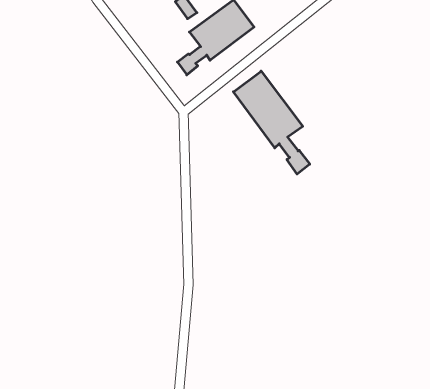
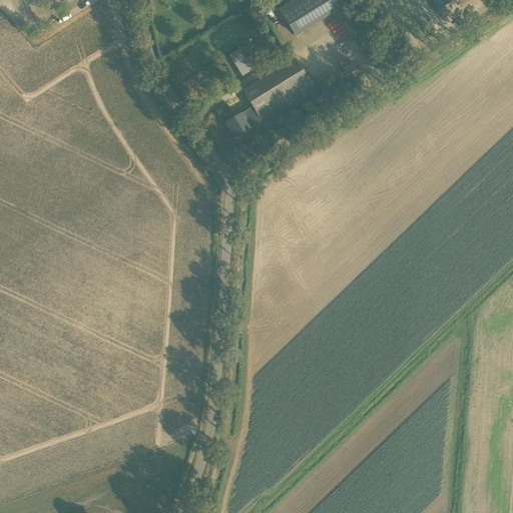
building: [233,71,310,174] -> none

